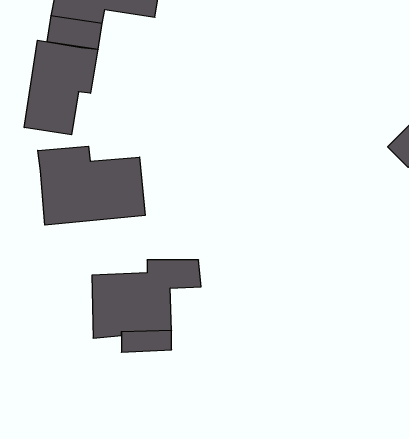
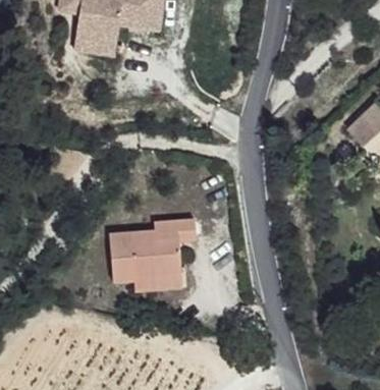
building: [24,40,98,135] -> none
building: [38,146,145,225] -> none

